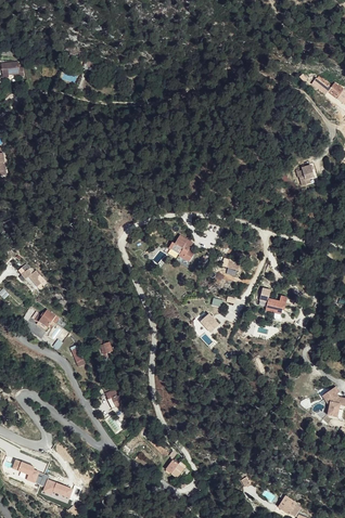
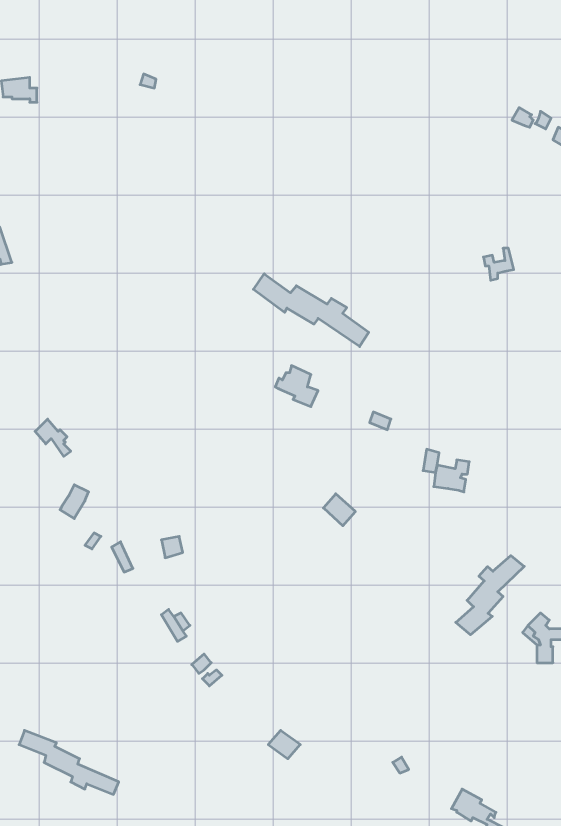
building: none -> [253,274,369,347]
building: none -> [456,556,524,635]

